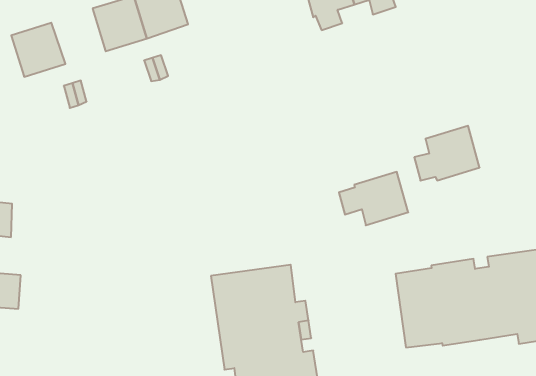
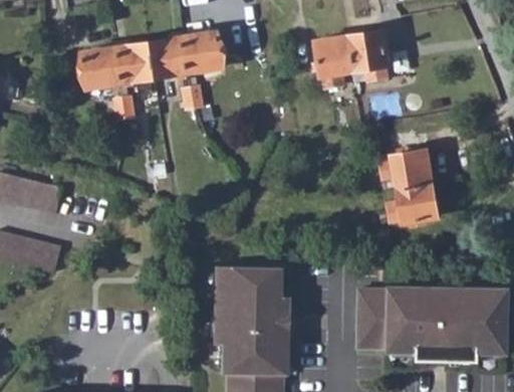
building: none -> [117,43,157,83]
building: [339,172,408,225] -> [380,149,433,187]

